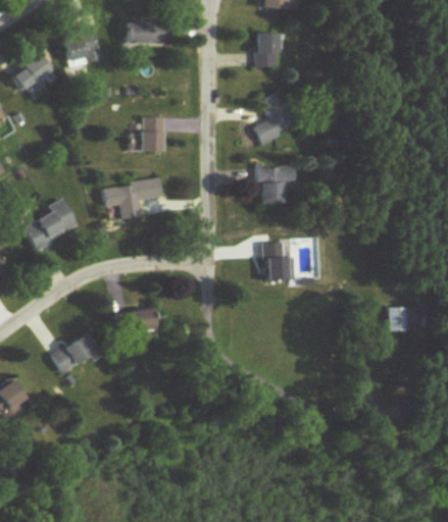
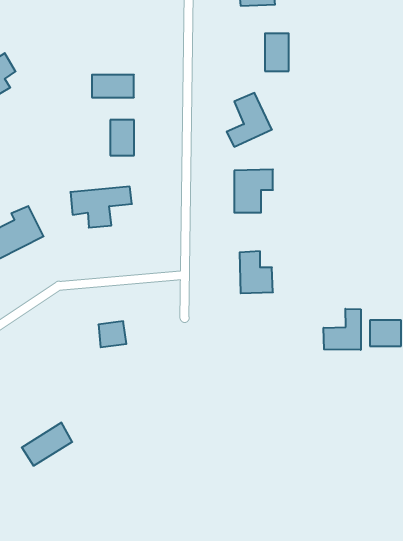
building: [127,20,166,42] -> [92,75,134,97]
building: [64,27,103,65] -> none
building: [255,31,278,66] -> [265,33,289,71]
building: none -> [324,309,361,350]
building: [52,331,100,372] -> [22,423,72,466]

